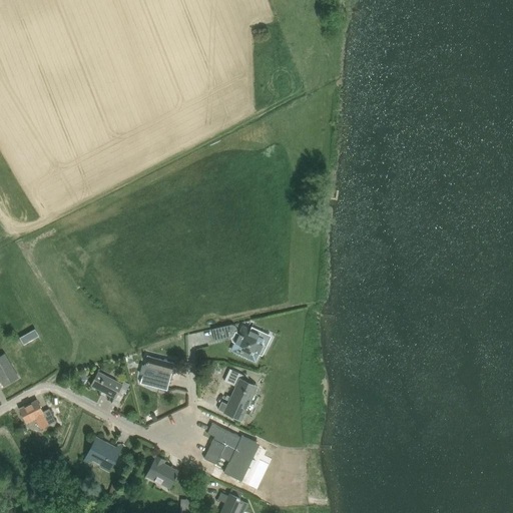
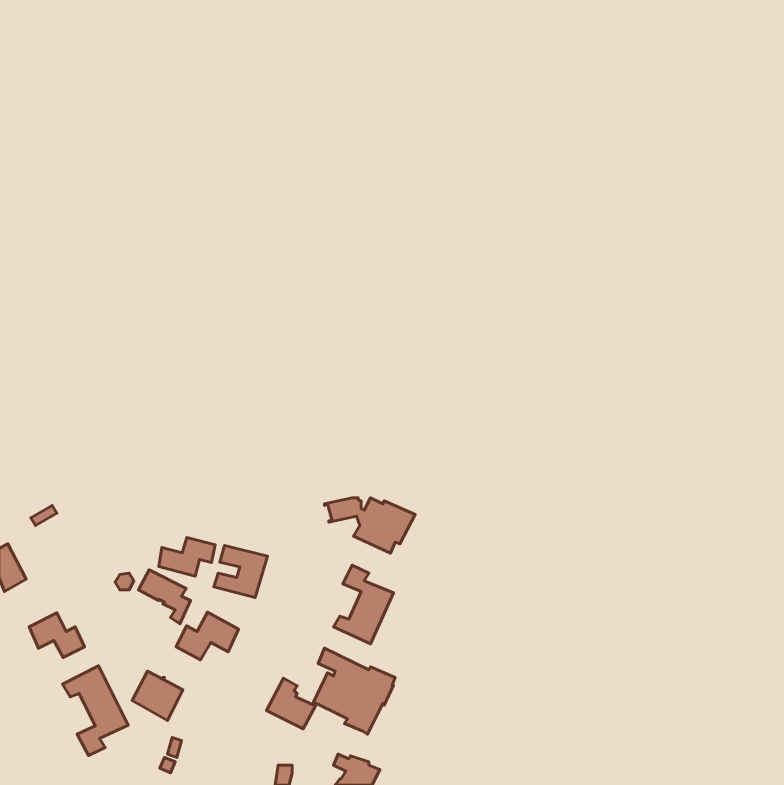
building: none -> [159,537,215,576]
building: none -> [176,612,239,660]
building: none -> [62,666,128,756]
building: [145,455,177,488] -> [266,678,316,729]

